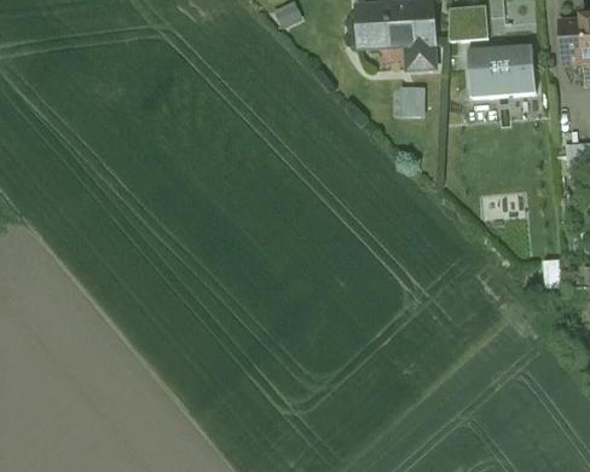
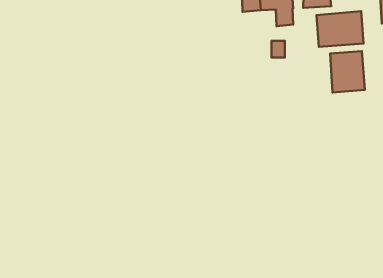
building: none -> [330,51,365,92]

